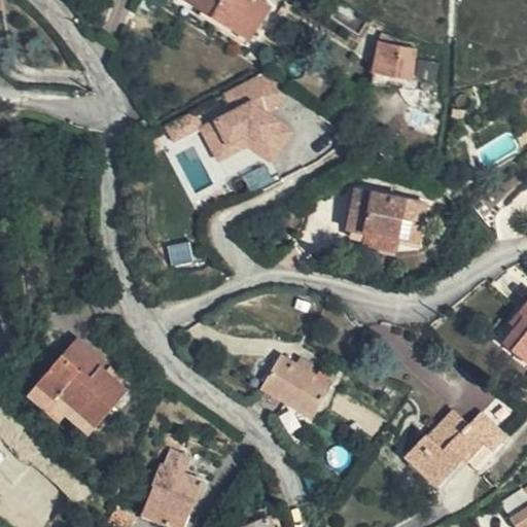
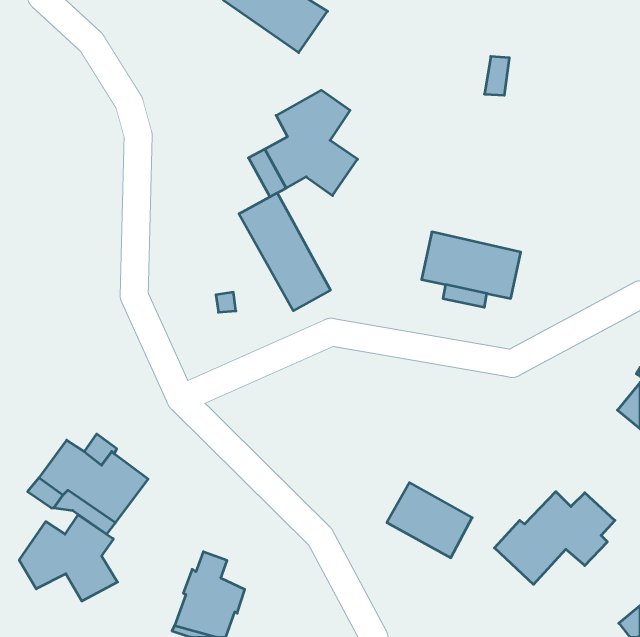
building: [373,36,403,87] -> none
building: none -> [239,193,330,311]
building: [264,350,333,412] -> [387,483,472,558]
building: none -> [19,515,118,601]

